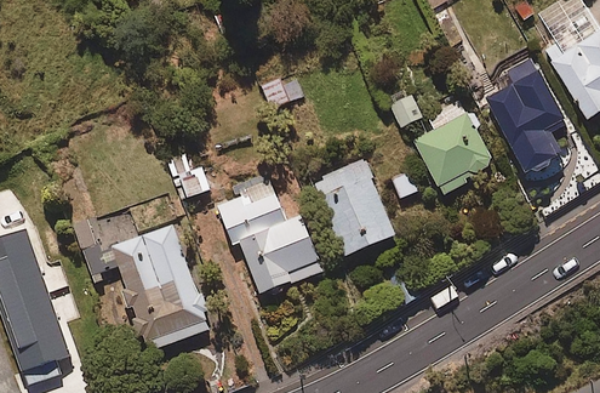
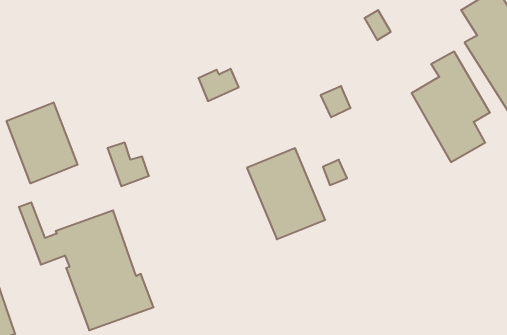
building: [413,98,496,194] -> none
building: none -> [7,102,77,183]
building: [218,175,322,292] -> none

